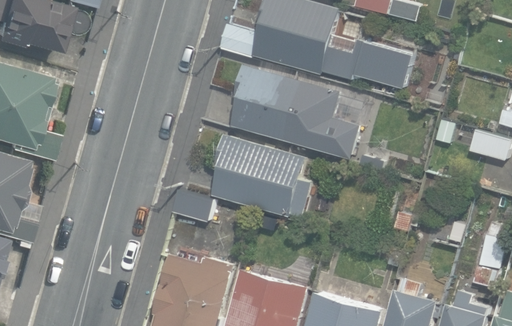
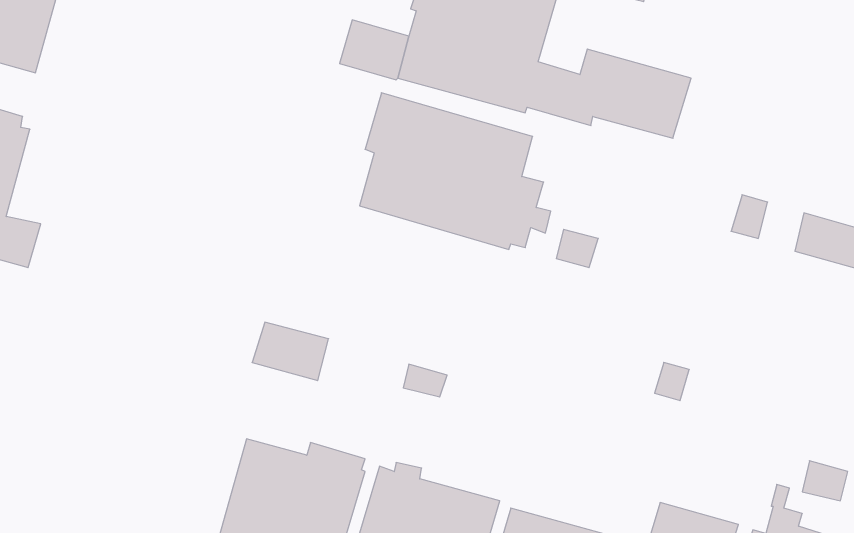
building: [211,133,312,217] -> none

